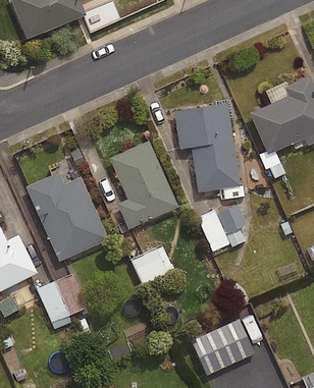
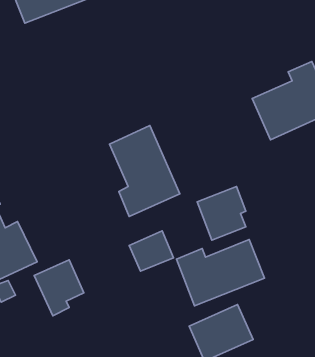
building: [174,103,241,192] -> none
building: [25,172,108,261] -> none
building: none -> [176,239,265,306]

